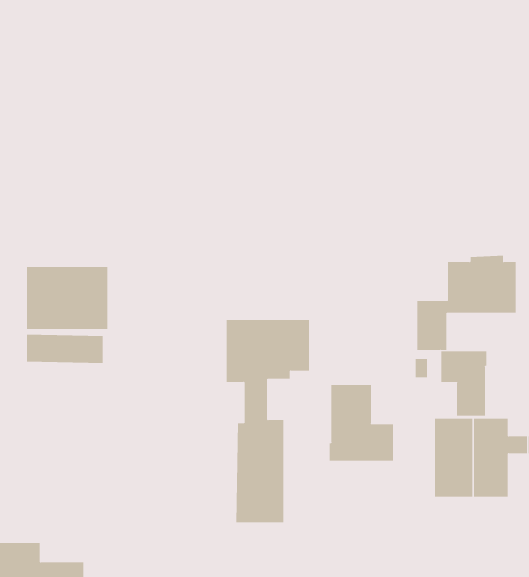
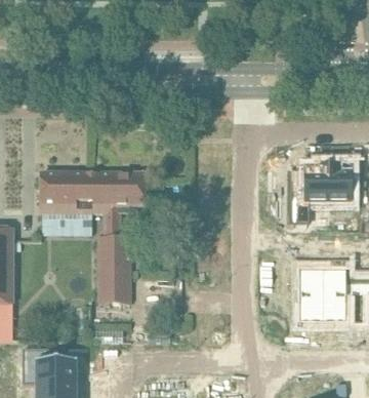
building: [226,320,310,523] -> [93,172,147,302]
building: [441,350,487,416] -> none
building: [329,384,394,461] -> none

